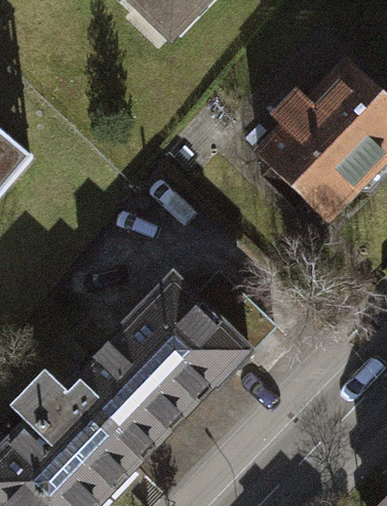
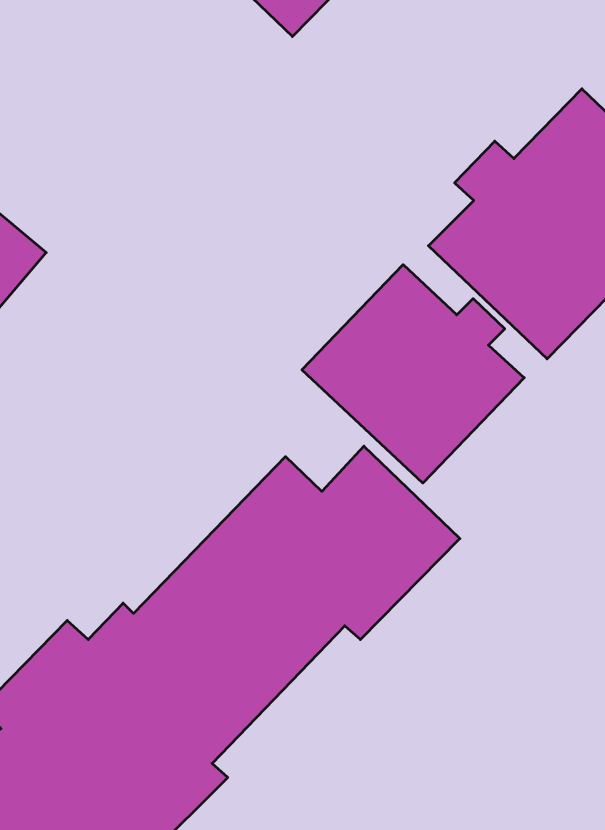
building: none -> [302,265,524,483]

